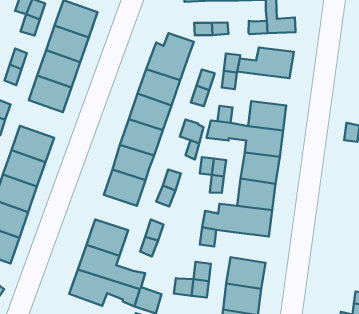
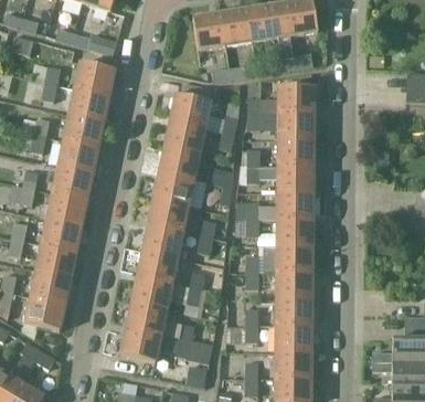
building: none -> [277,113,312,140]
building: none -> [51,167,92,201]
building: none -> [137,252,177,284]
building: none -> [276,273,311,299]

